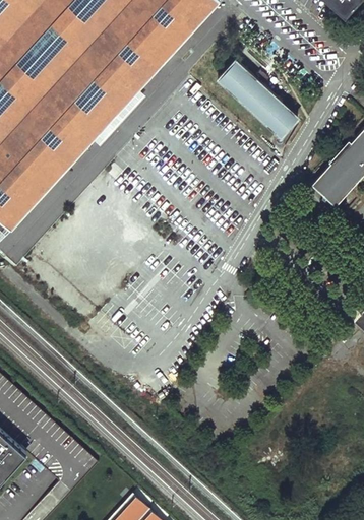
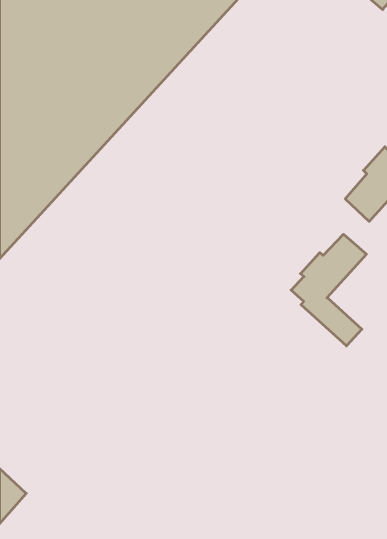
building: [216,58,295,134] -> none
building: none -> [291,234,366,346]

